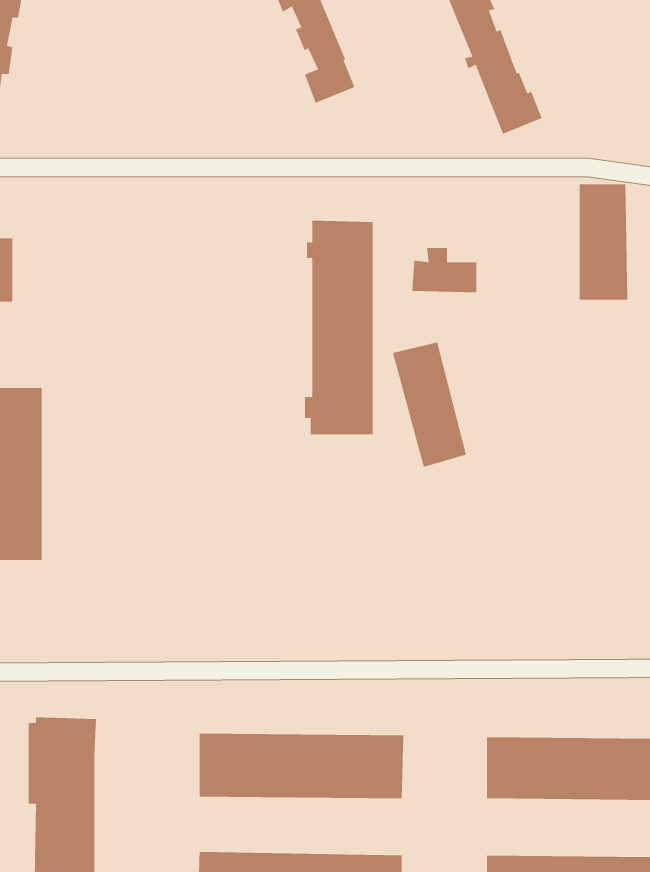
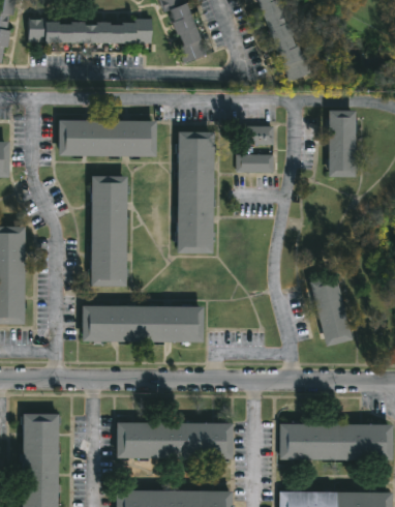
building: none -> [27,20,149,42]
building: none -> [61,120,157,155]
building: none -> [244,125,275,144]
building: none -> [89,176,128,285]
building: [392,342,467,468] -> [311,275,354,347]
building: none -> [83,306,205,341]

